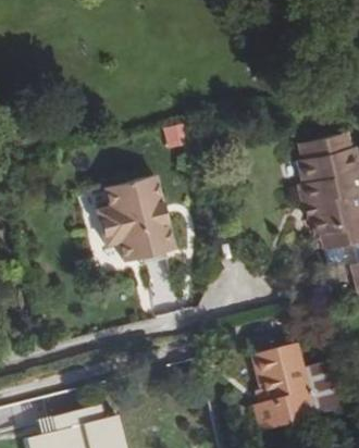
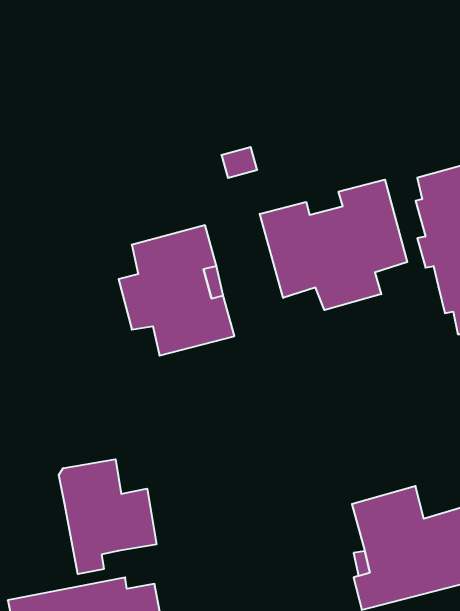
building: none -> [260,180,407,310]
building: none -> [59,459,156,574]

